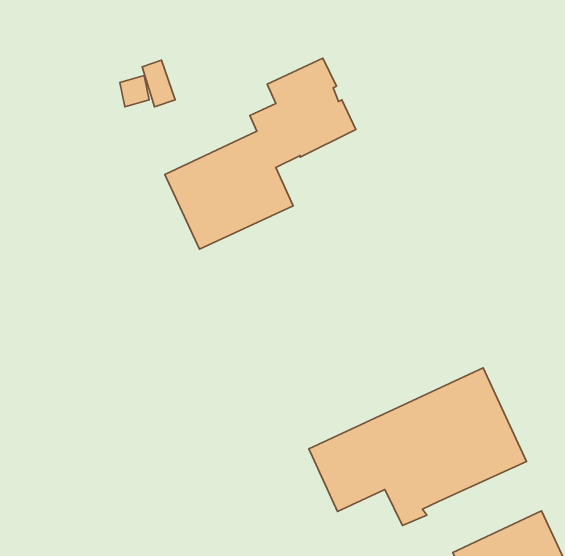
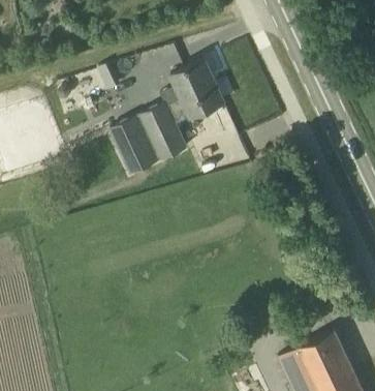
building: [309,368,526,526] -> none

